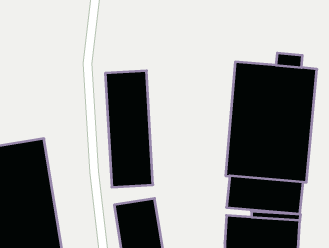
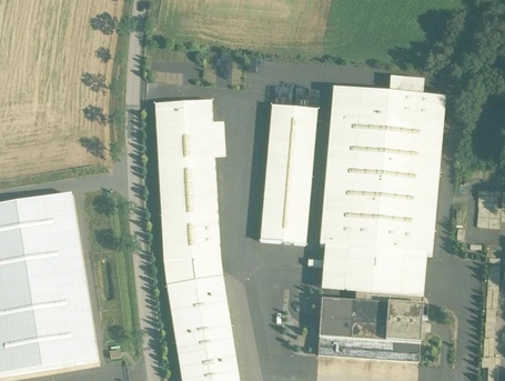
building: none -> [260,106,316,244]
building: none -> [163,258,222,285]

